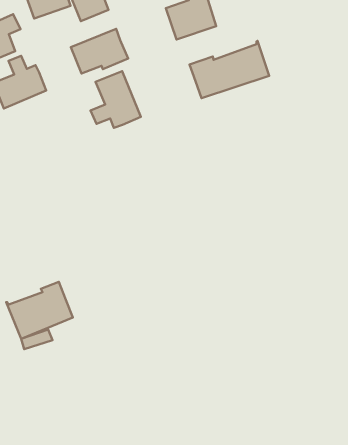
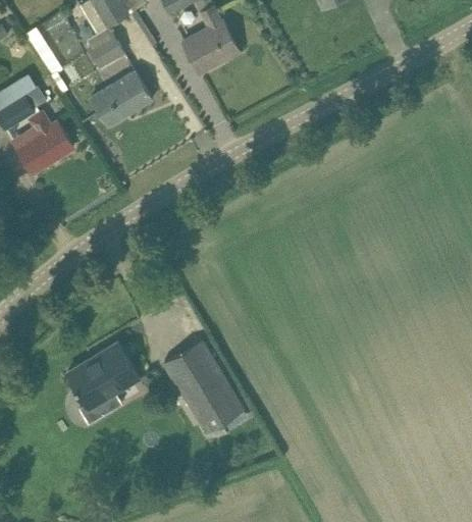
building: [190,41,269,98] -> none
building: [91,71,141,128] -> none
building: none -> [164,340,244,432]

